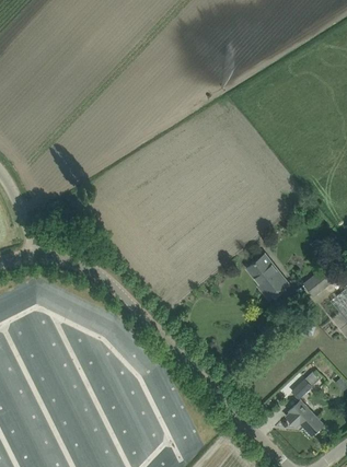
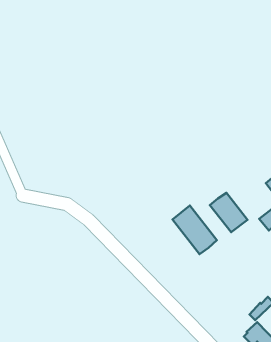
building: none -> [172,206,217,254]

